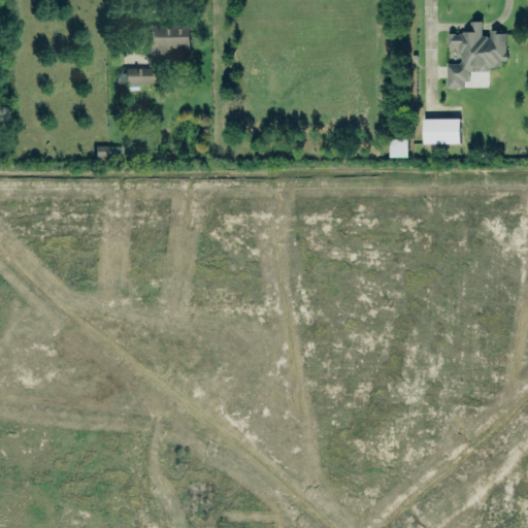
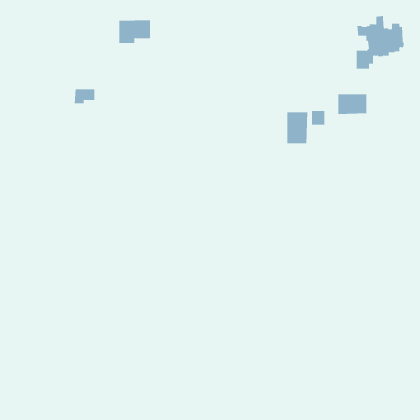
building: [124,69,151,88] -> [74,89,95,104]
building: none -> [287,111,308,144]

